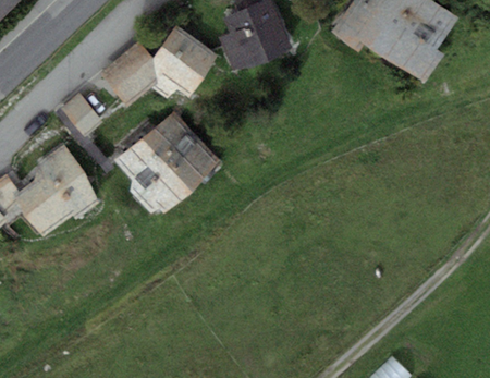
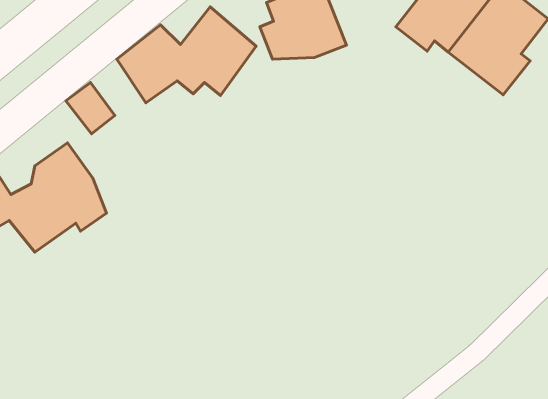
building: [114,109,220,214] -> none

